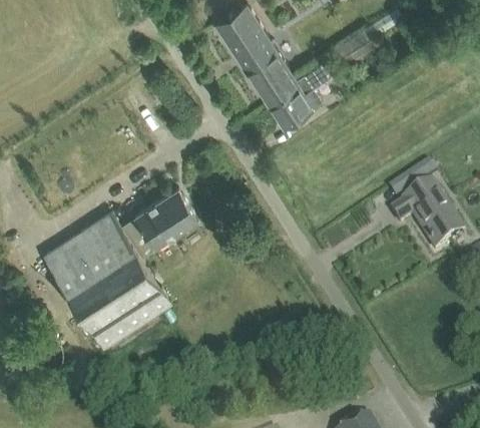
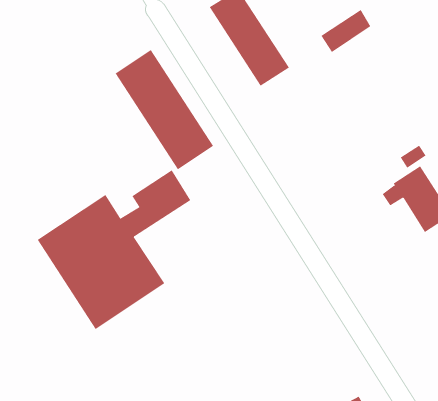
building: [267,63,330,127] -> none
building: none -> [115,49,214,170]

